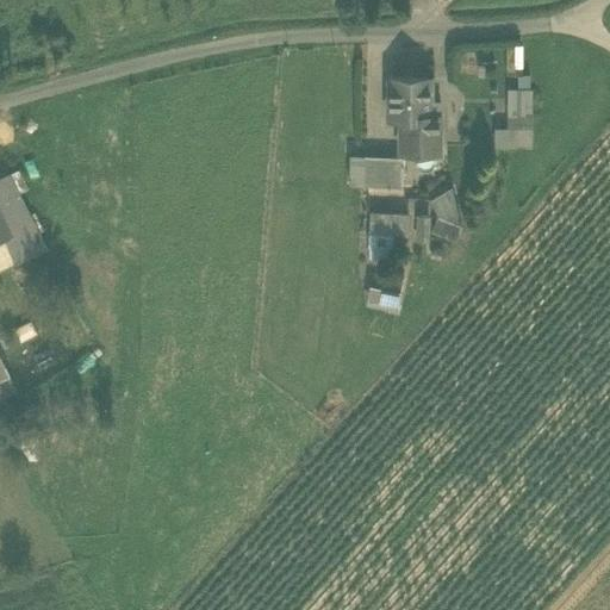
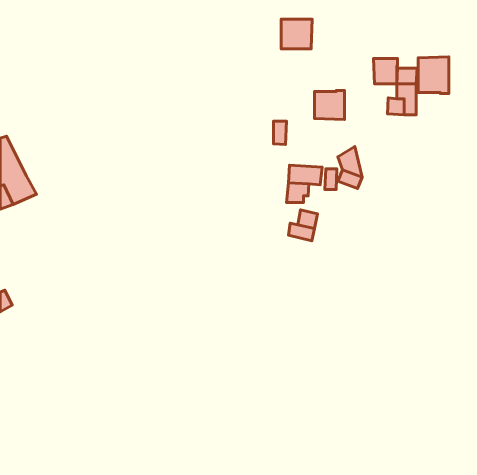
building: none -> [418,57,449,94]
building: none -> [374,59,397,84]
building: [391,81,430,119] -> [281,19,312,49]
building: [365,157,404,187] -> none

